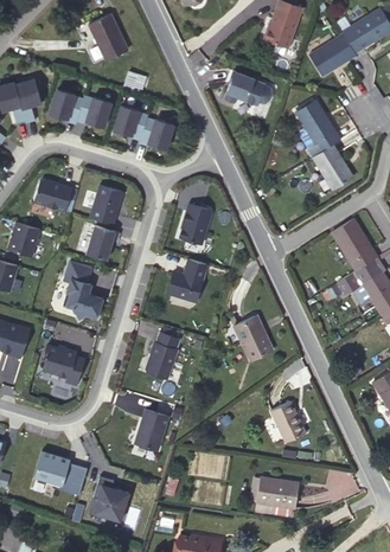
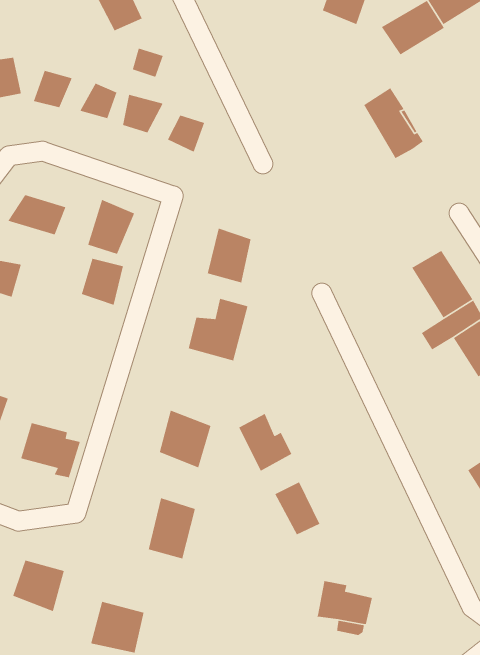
building: [226,75,273,111] -> none
building: [311,146,352,191] -> none
building: [64,262,106,317] -> none
building: [234,304,274,348] -> [238,413,292,472]
building: [274,391,308,431] -> [274,481,320,535]

